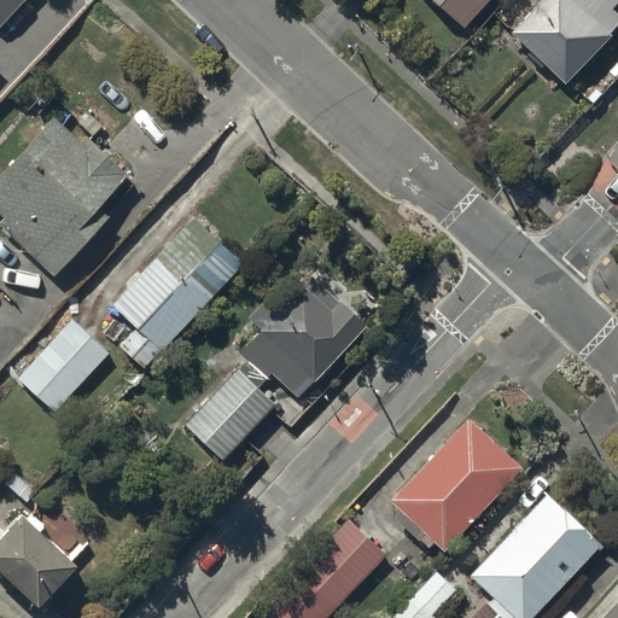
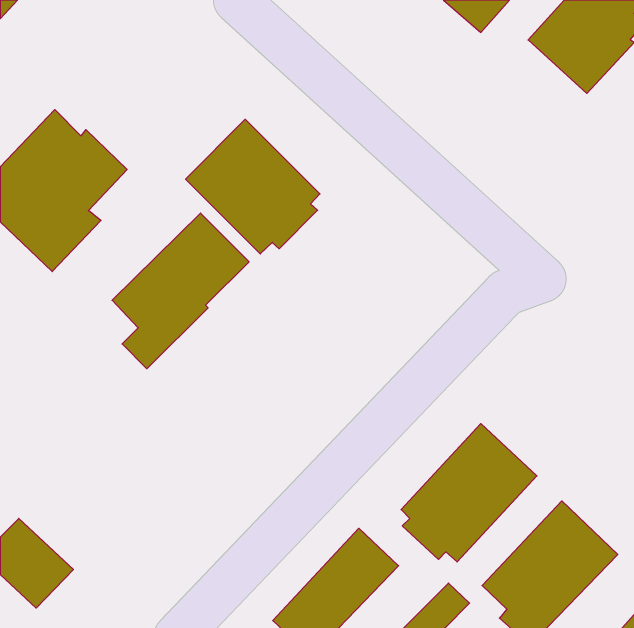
building: none -> [186,119,320,254]
building: [188,284,366,456] -> none
building: [18,320,110,414] -> none

